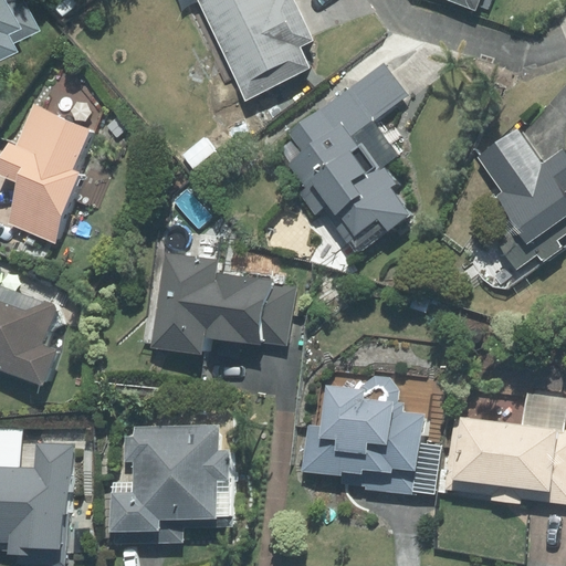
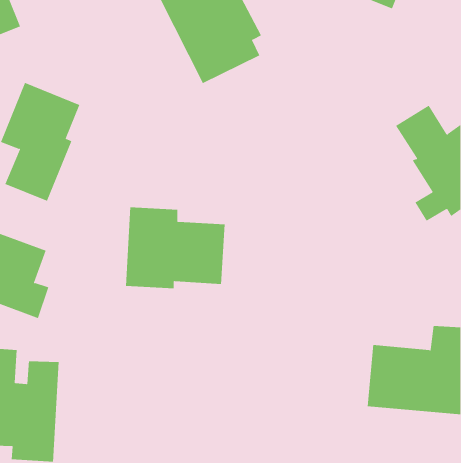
building: [276,61,415,253] -> none
building: [302,375,427,496] -> none
building: [112,424,233,542] -> none

